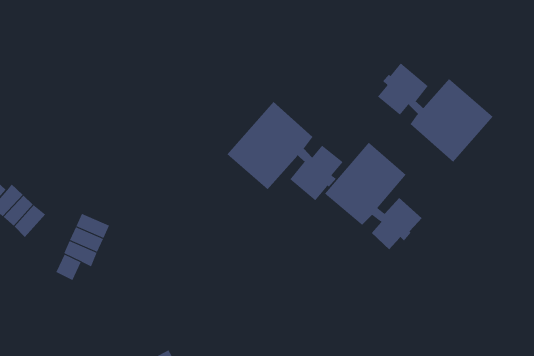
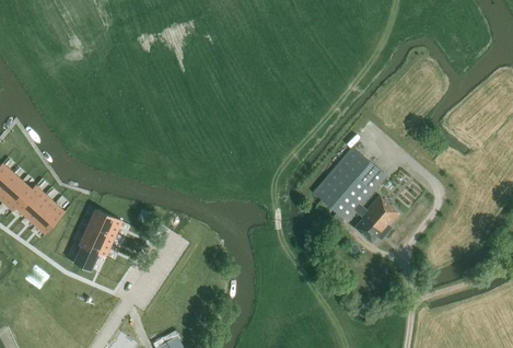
building: [377,62,494,162] -> none
building: [227,101,343,201] -> none

